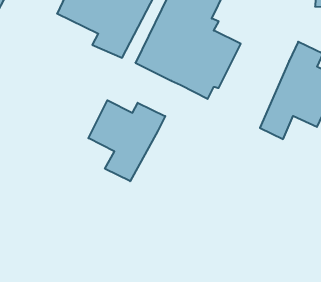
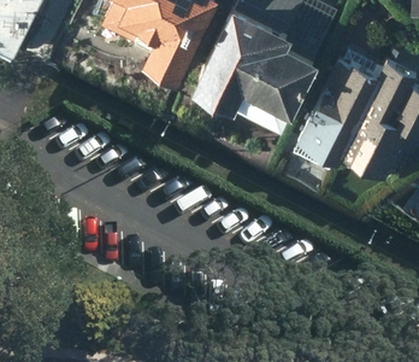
building: none -> [307,70,376,175]
building: [88,100,165,181] -> none

